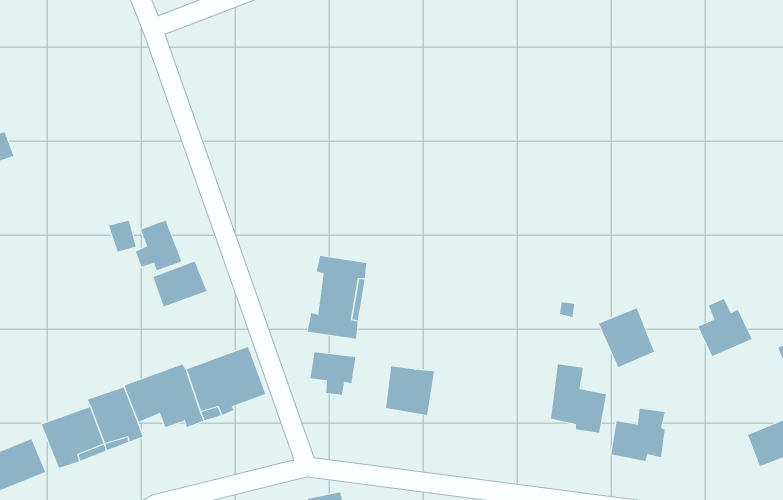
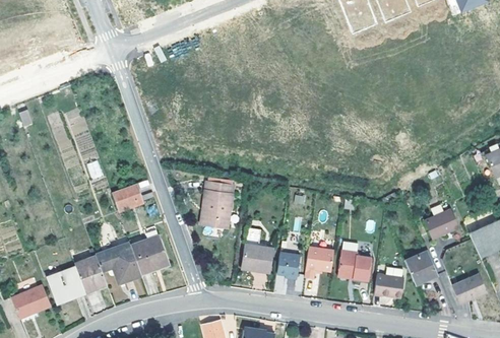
building: [135,220,182,271] -> none
building: [598,308,655,368] -> [404,250,437,284]
building: [310,351,356,396] -> none
building: none -> [276,248,302,276]
building: none -> [305,248,334,280]

